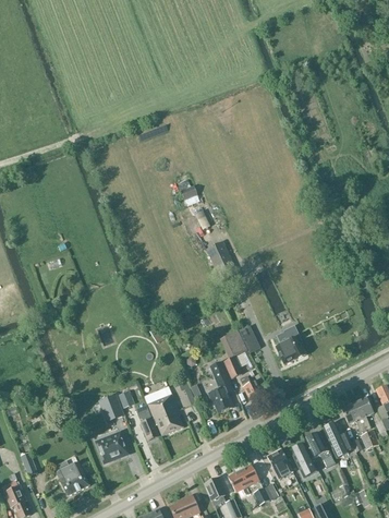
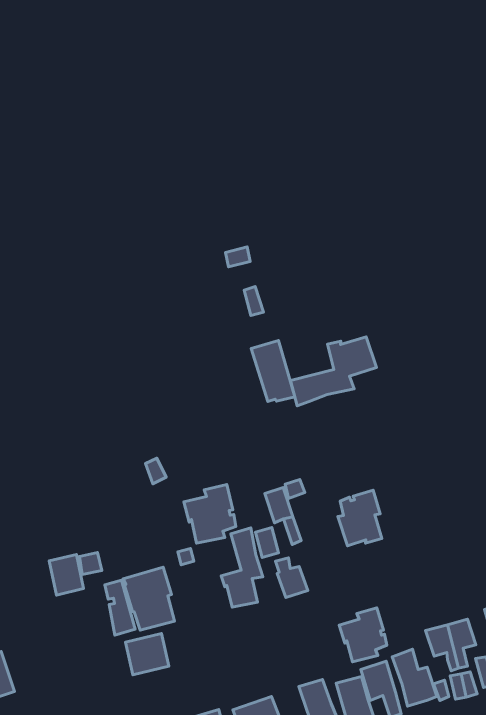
building: none -> [291,337,377,406]
building: none -> [184,485,236,543]
building: none -> [339,608,387,662]
building: [97,435,126,463] -> [125,634,169,675]

